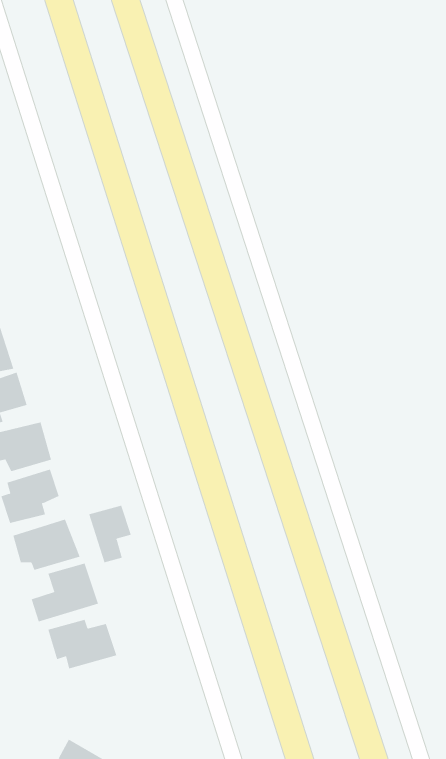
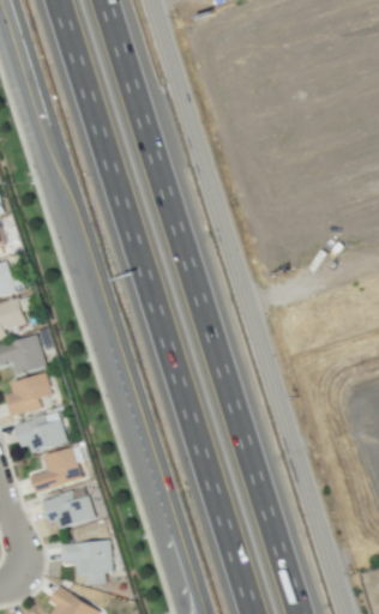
building: [89,505,132,563] -> none
building: none -> [61,538,113,577]

